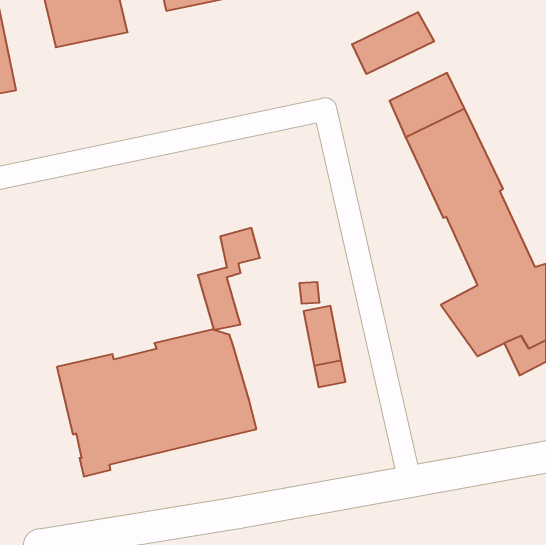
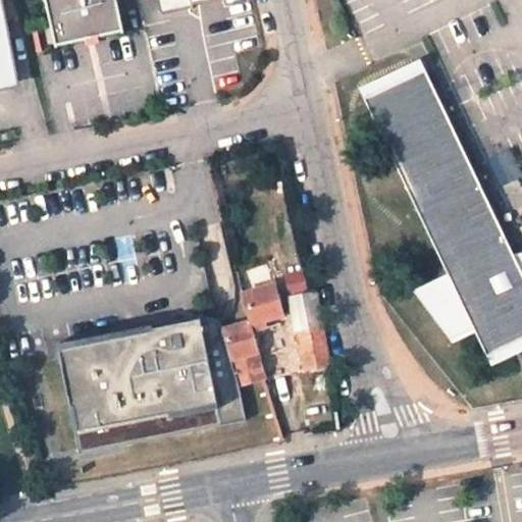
building: [352,12,434,74] -> none
building: [198,228,260,330] -> [221,282,280,379]

